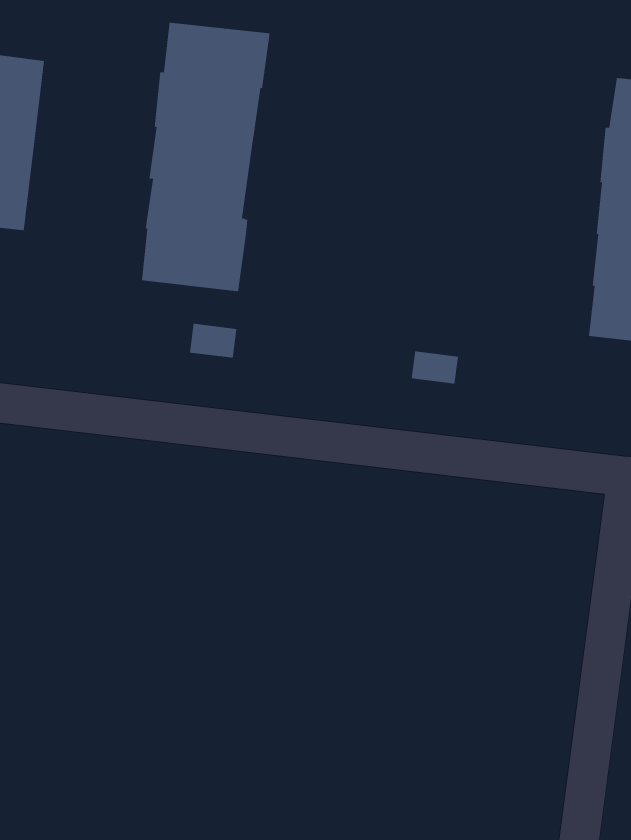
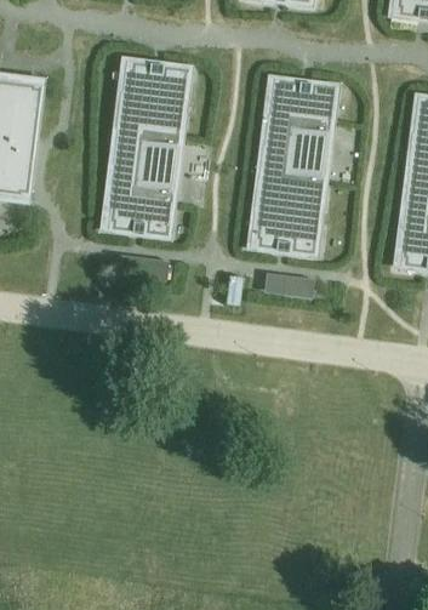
building: none -> [247,76,336,253]

